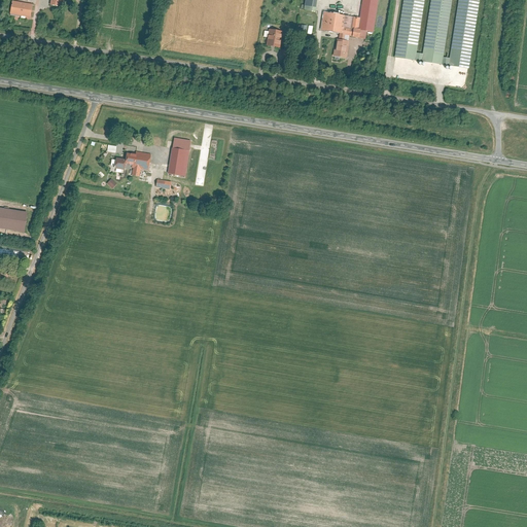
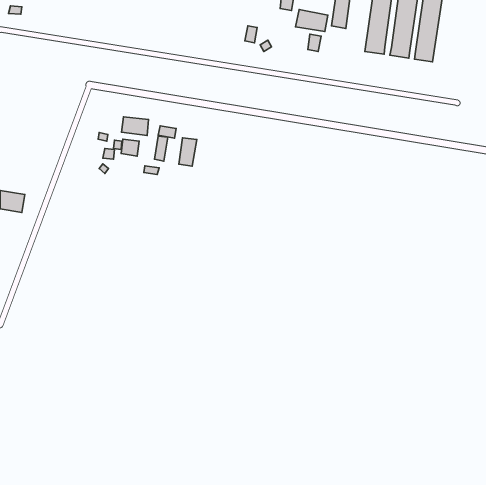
building: none -> [121,117,148,136]
building: none -> [179,138,197,166]

